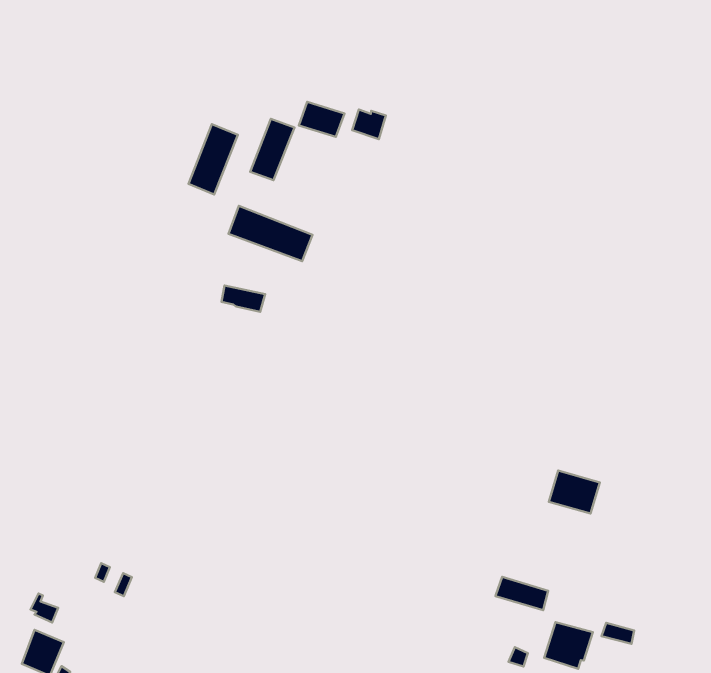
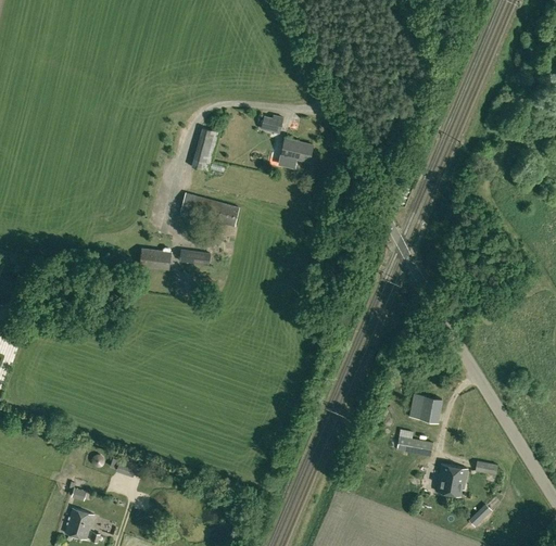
building: [299,102,344,137] -> [280,139,312,162]
building: [188,124,238,195] -> none
building: none -> [139,249,169,269]
building: [549,471,600,514] -> [407,394,442,422]

